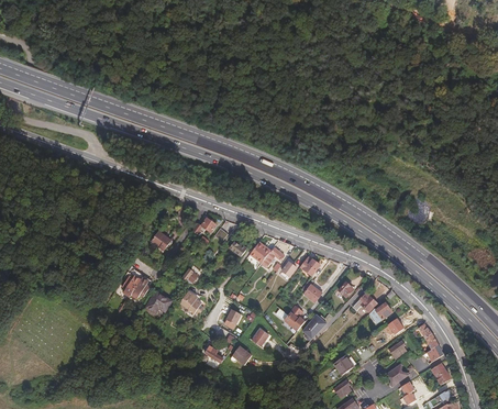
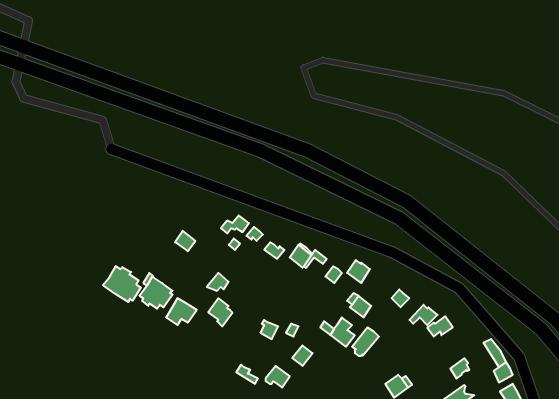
building: none -> [103,266,141,302]

